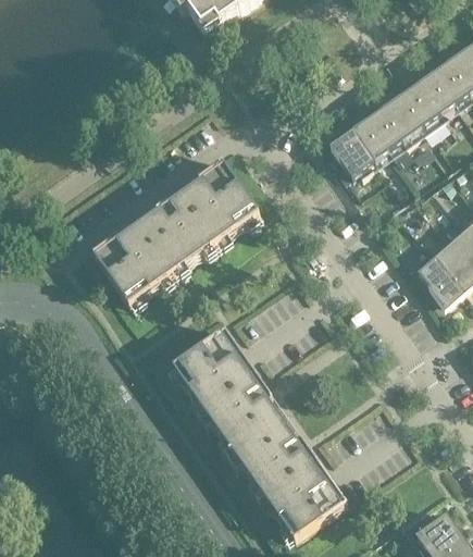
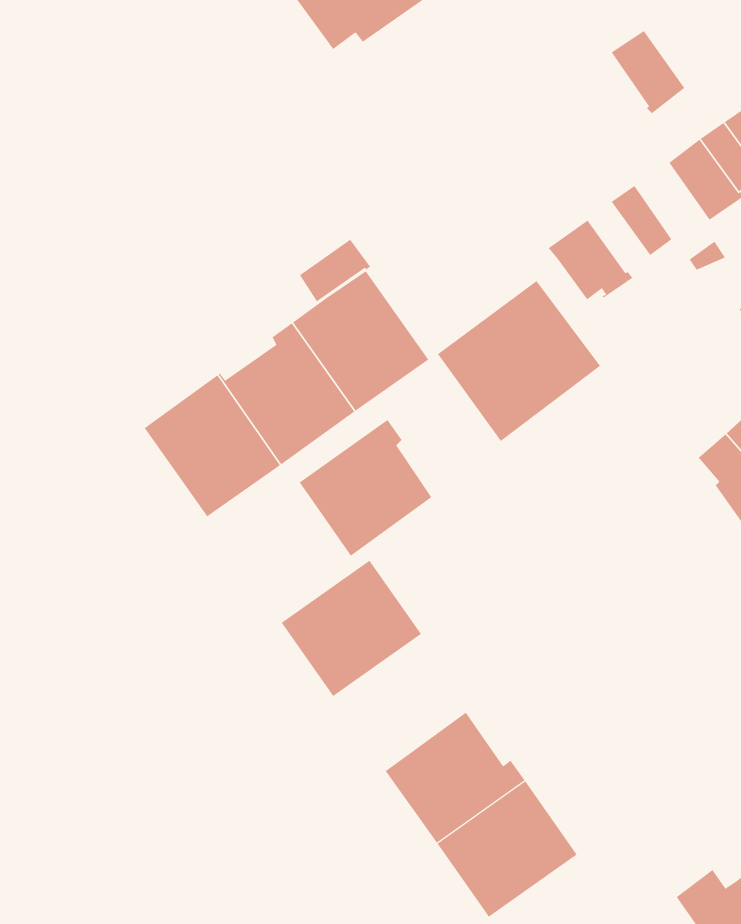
building: [381,97,424,146] -> [611,30,685,114]
building: [352,120,389,161] -> none
building: none -> [299,239,371,302]
building: none -> [437,280,601,442]
building: [203,373,282,454] -> [299,419,432,556]

